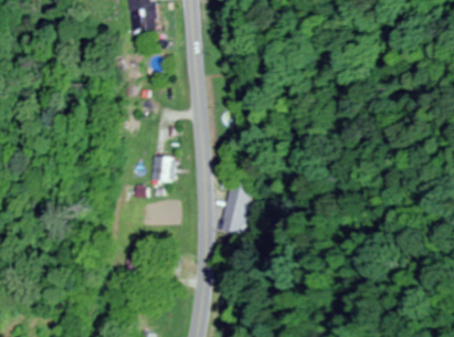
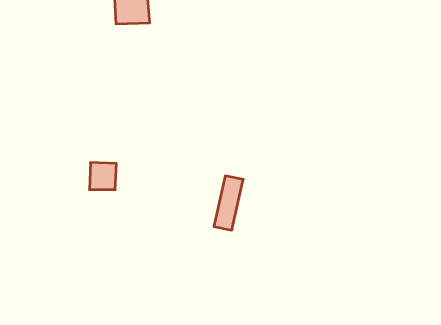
building: [151,156,178,182] -> [89,163,116,190]

